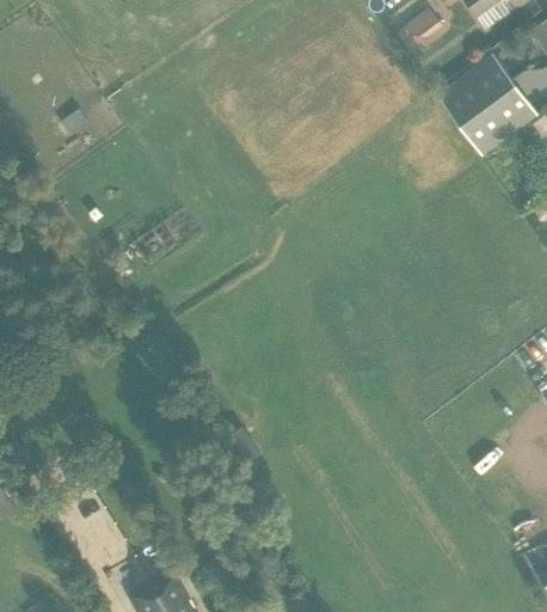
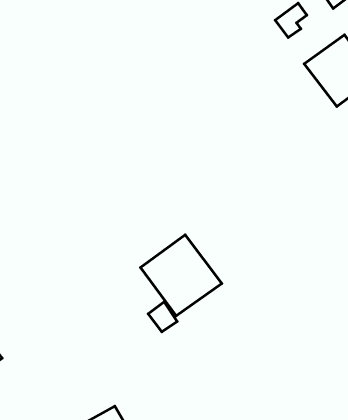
building: none -> [141,235,222,316]

